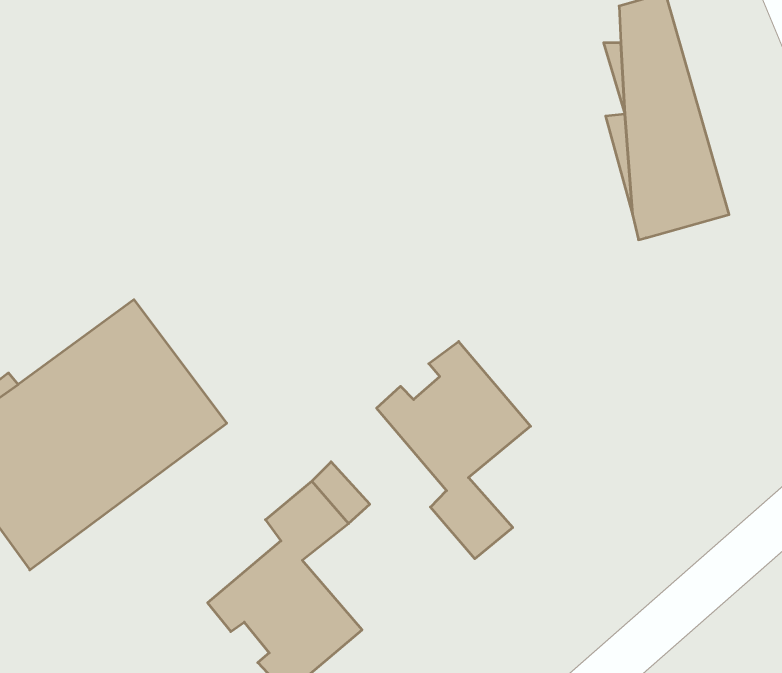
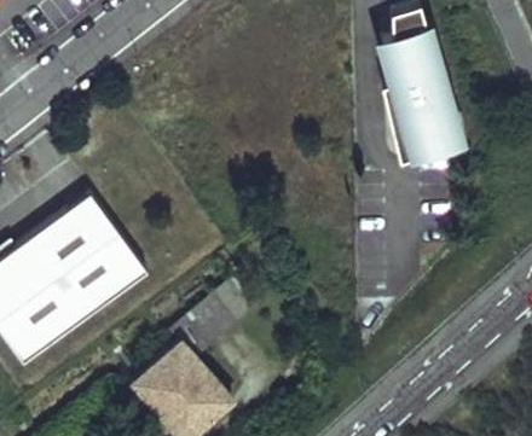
building: [377,341,531,559] -> none

